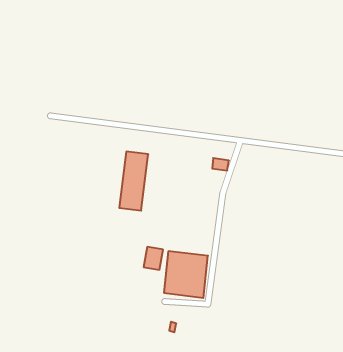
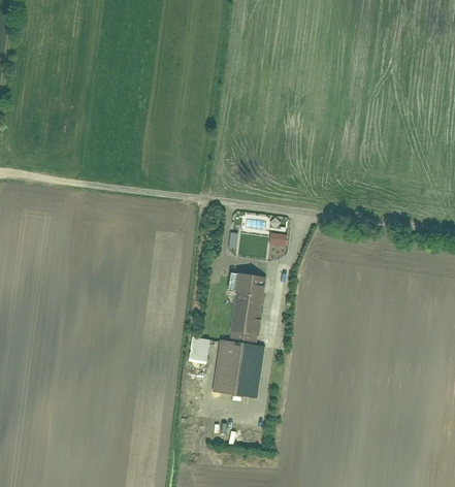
building: [119,152,148,211] -> [229,272,263,342]

